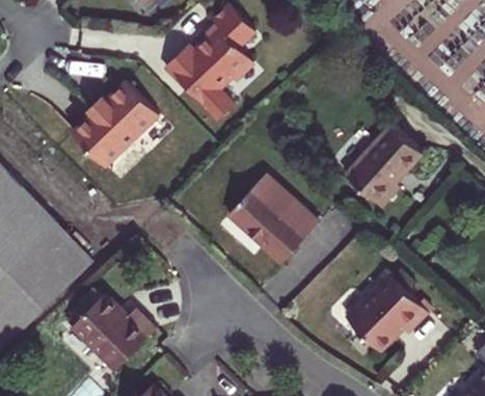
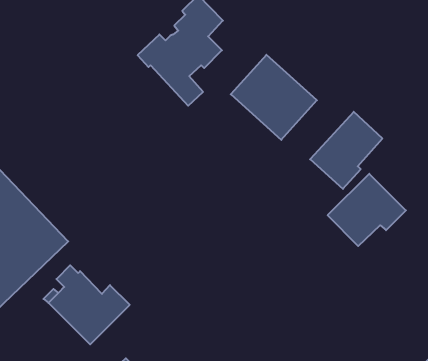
building: [72,81,158,167] -> none
building: [227,174,318,263] -> [231,55,317,140]
building: [346,273,428,349] -> [328,174,406,246]

